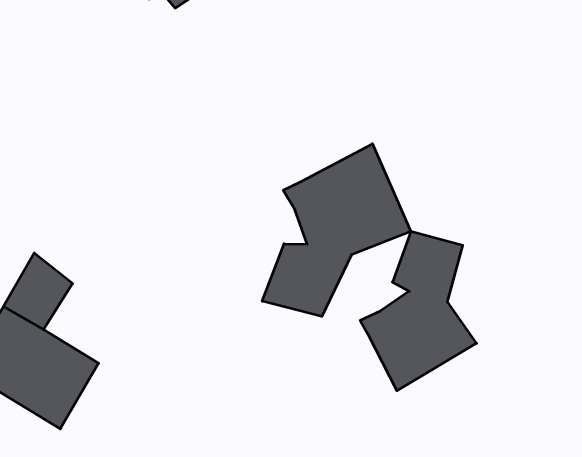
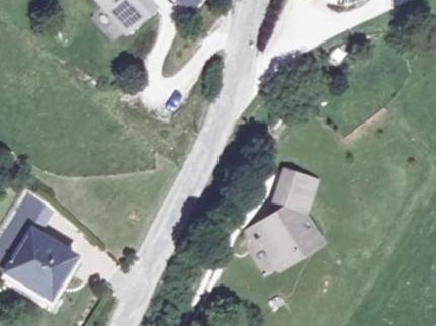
building: [262,144,411,316] -> none

